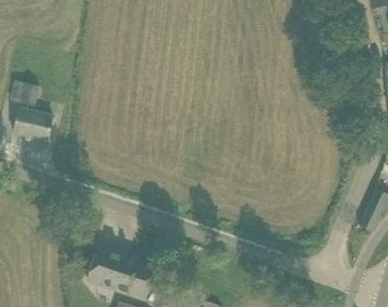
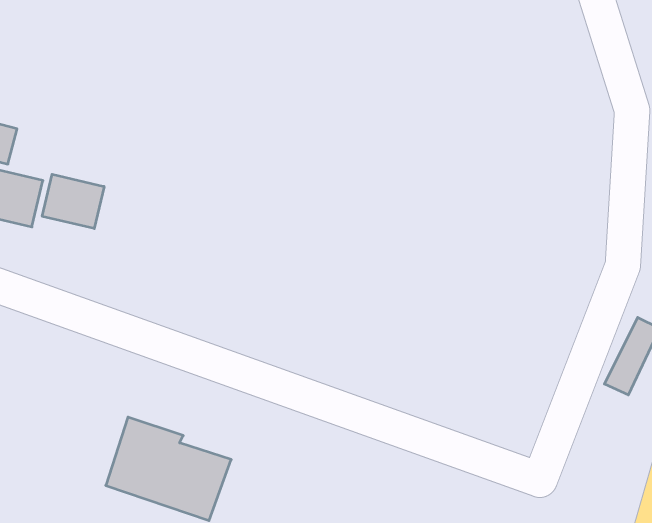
building: none -> [42,174,104,229]

